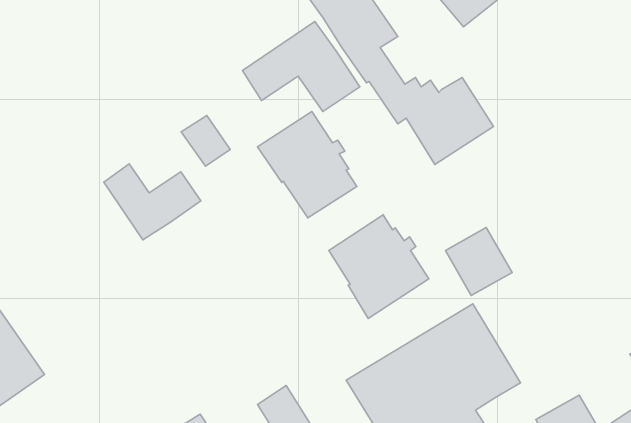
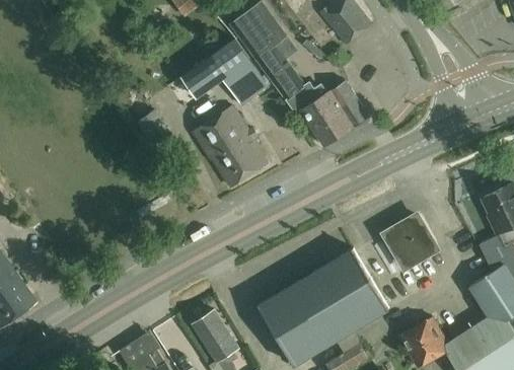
building: [104,164,201,240] -> none
building: [329,215,429,318] -> none
building: [445,227,512,296] -> [386,216,436,267]

